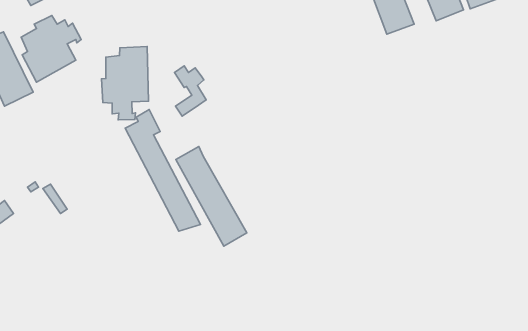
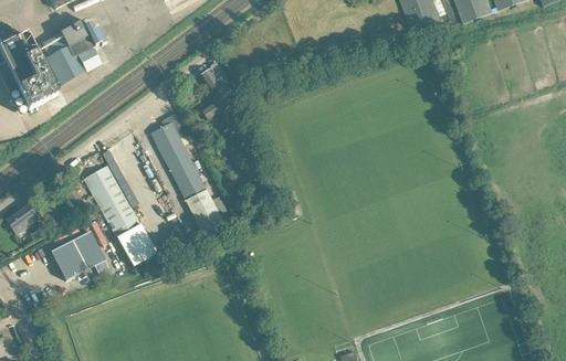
building: [102,47,148,120] -> none
building: [176,146,247,246] -> [84,164,156,265]
building: none -> [50,230,108,280]

